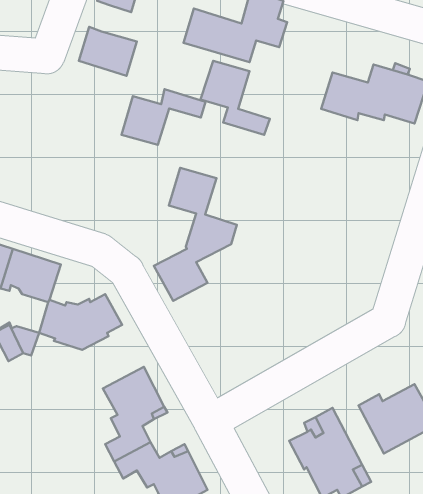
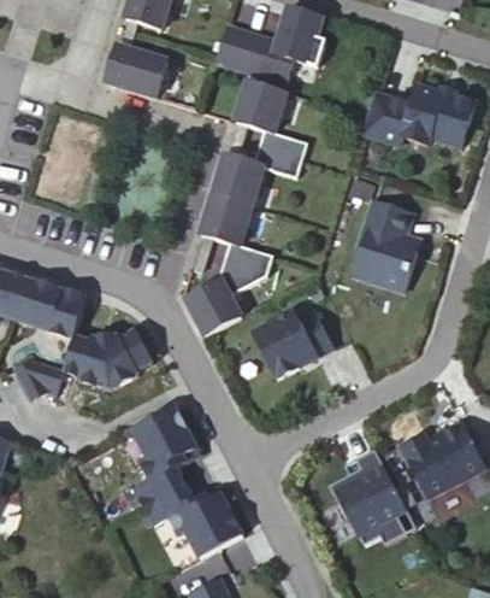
building: [121,89,206,145] -> [212,146,301,205]
building: none -> [356,200,418,291]
building: none -> [252,310,332,377]

